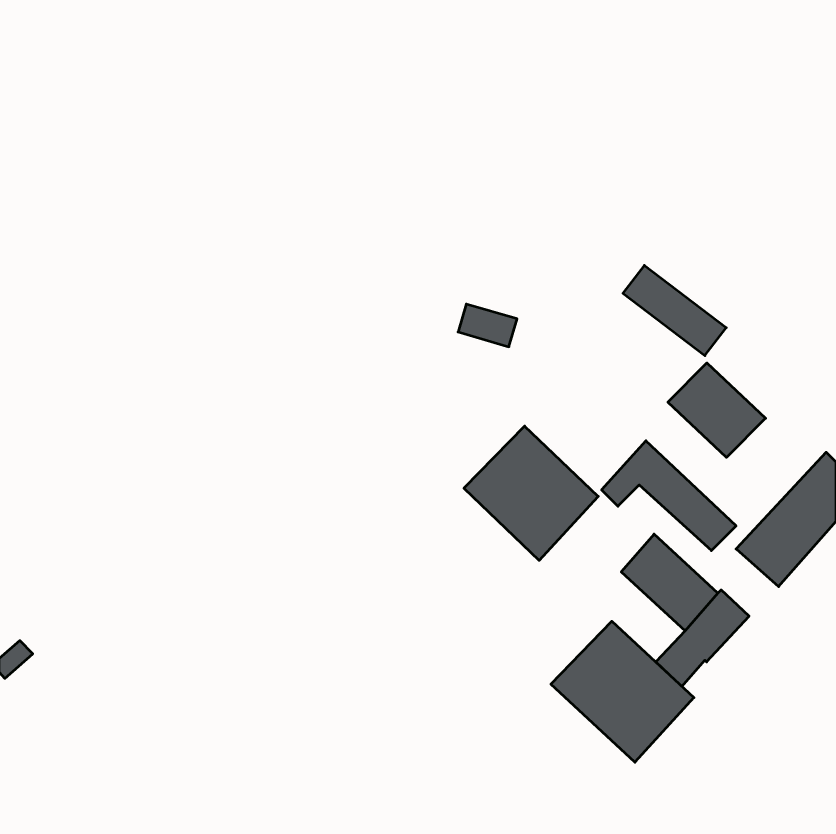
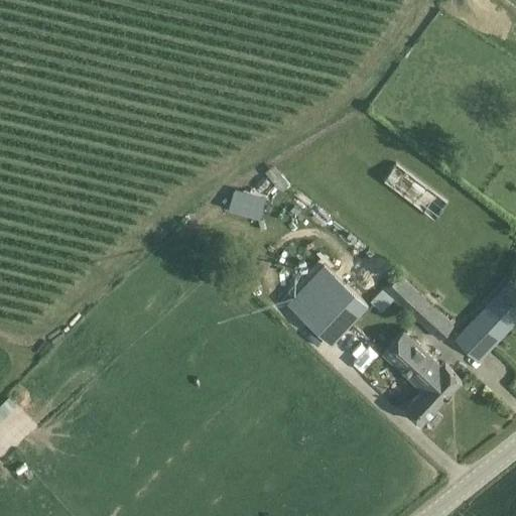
building: [458,304,517,347] -> [228,194,264,220]
building: [668,363,766,457] -> none
building: [551,621,694,762] -> none

